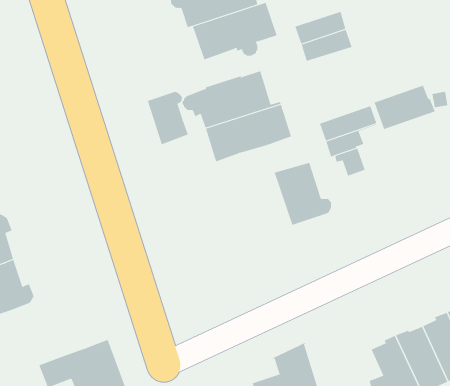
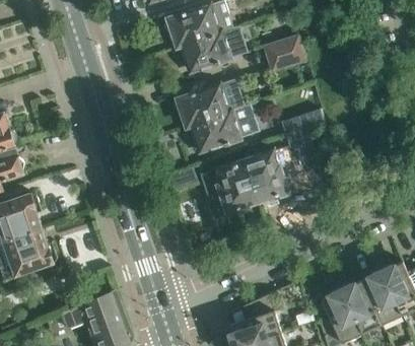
building: [374,85,436,130] -> none
building: [147,91,188,145] -> none
building: none -> [201,160,259,215]

